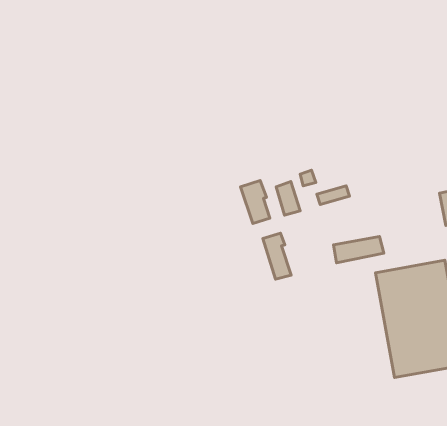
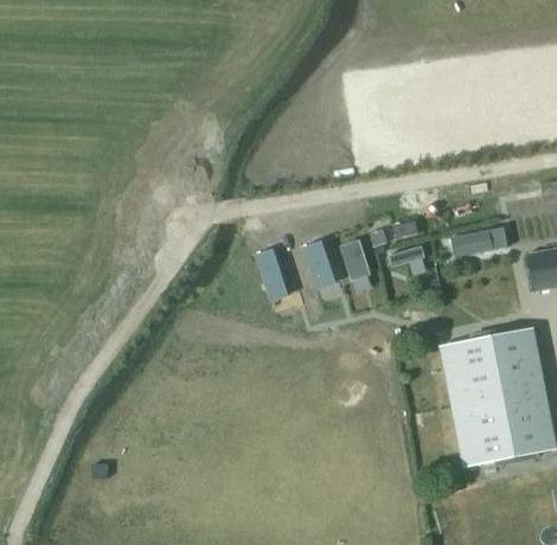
building: [263,233,291,279] -> [255,248,287,300]
building: [333,237,384,263] -> [450,226,507,256]

